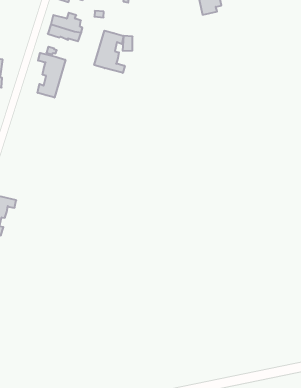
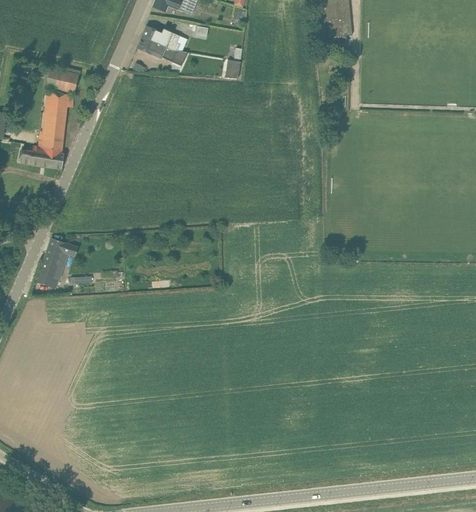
building: [94,31,125,73] -> none
building: [38,53,65,98] -> none

